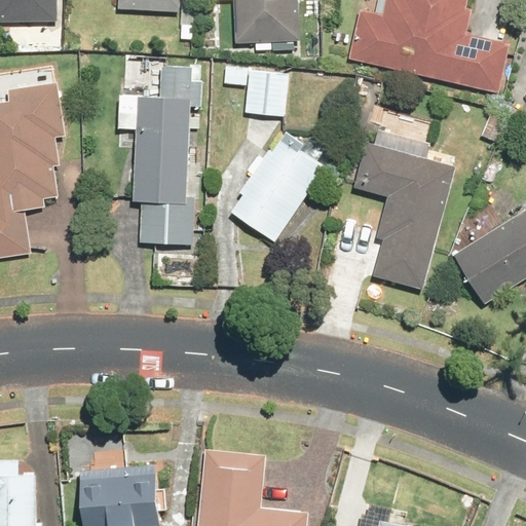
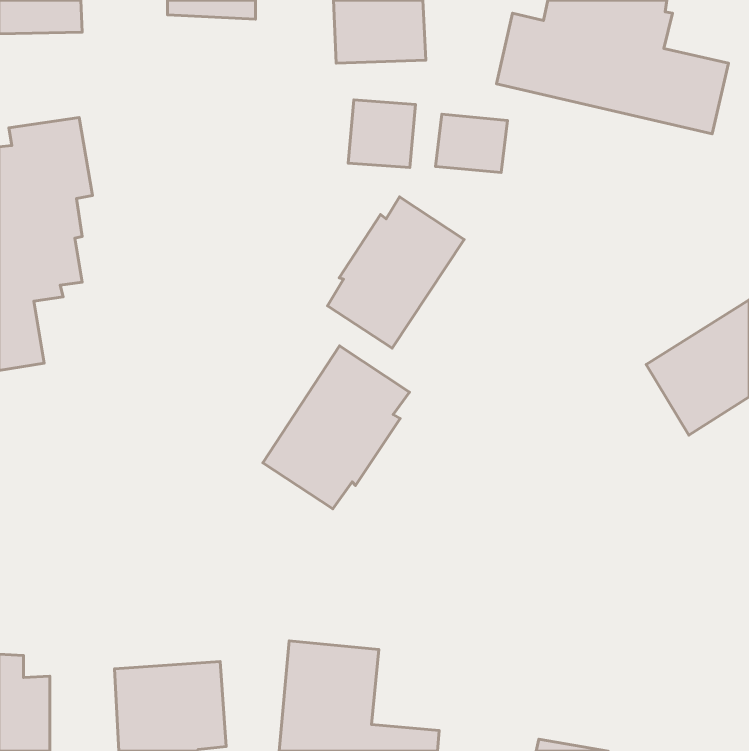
building: [129,66,202,247] -> none
building: none -> [436,114,507,173]
building: [351,128,455,291] -> none
building: none -> [263,346,409,509]

